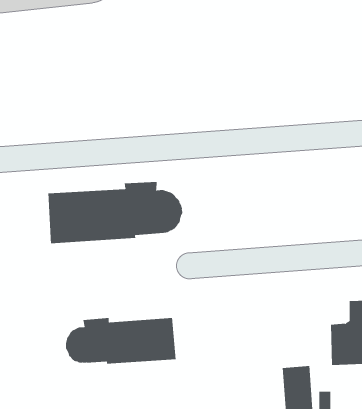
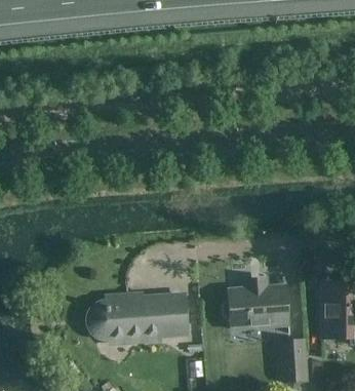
building: [48,181,183,244] -> none
building: none -> [223,280,288,328]

